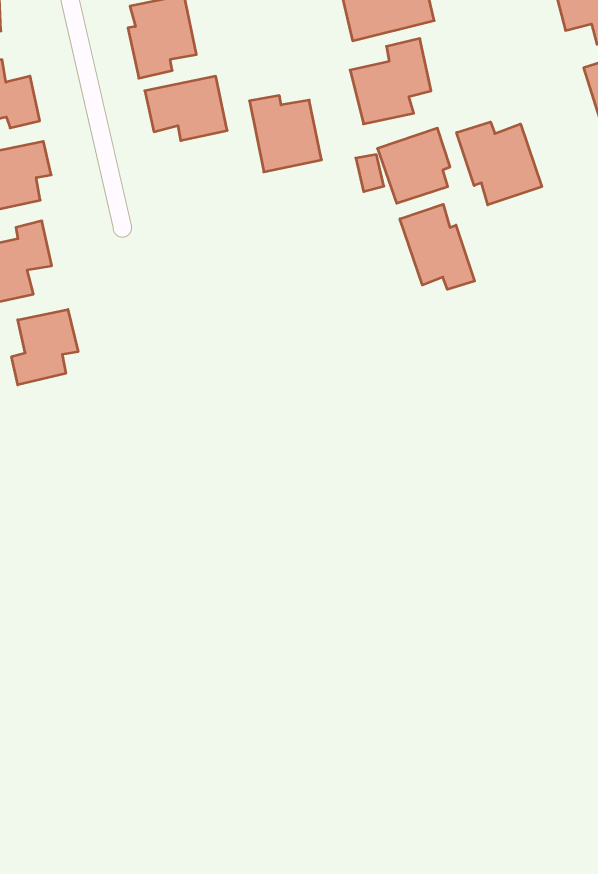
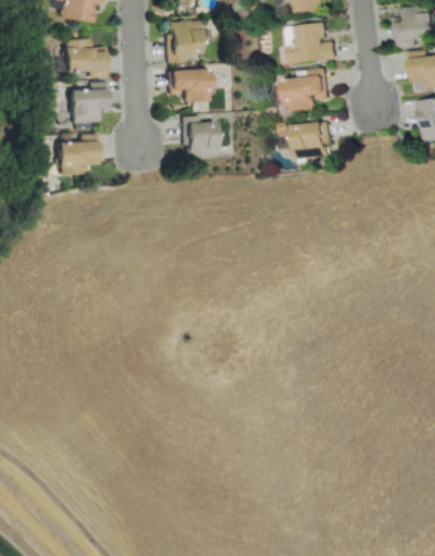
building: [249,96,322,172] -> [184,115,219,157]
building: [457,122,542,205] -> none
building: [400,204,475,289] -> none
building: [12,309,78,385] -> none

